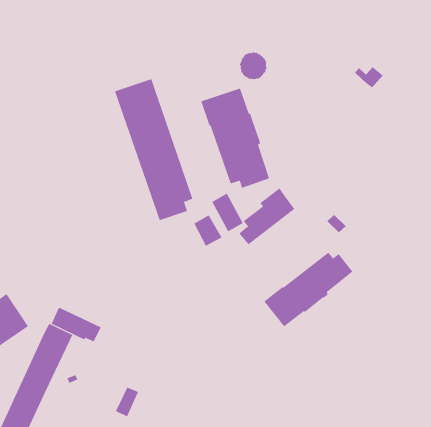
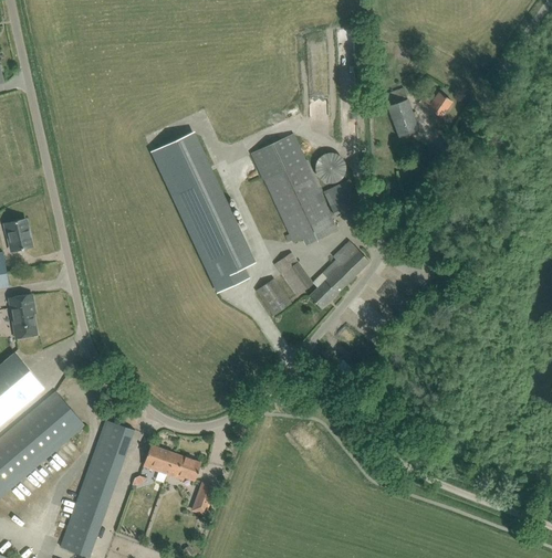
building: [239,52,267,80] -> [314,151,346,182]
building: none -> [383,86,418,137]
building: [264,252,353,327] -> none
building: [51,307,102,342] -> [144,445,201,481]

